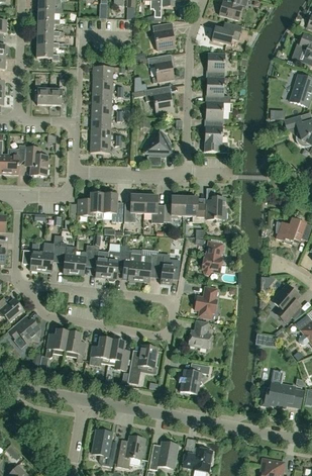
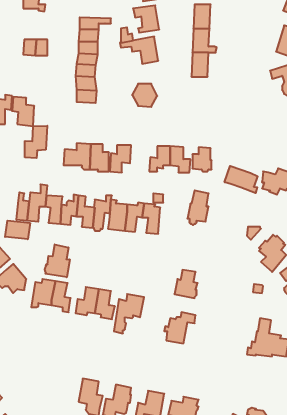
building: [204,125,227,151] -> none
building: none -> [25,126,47,158]
building: [143,194,164,221] -> none
building: none -> [225,166,258,193]
building: none -> [5,221,30,239]
building: [194,285,217,315] -> none
building: none -> [45,244,70,277]

